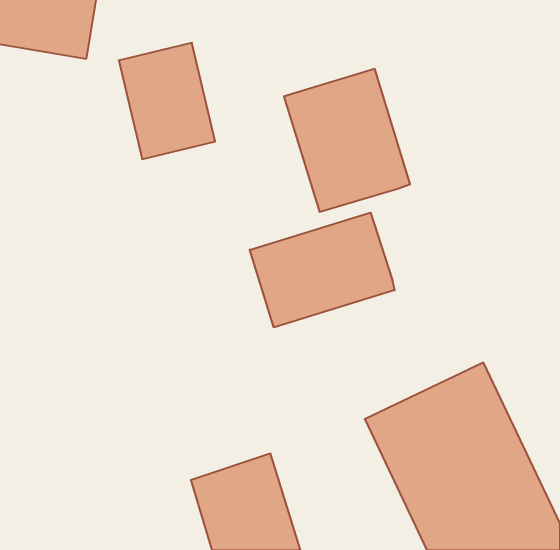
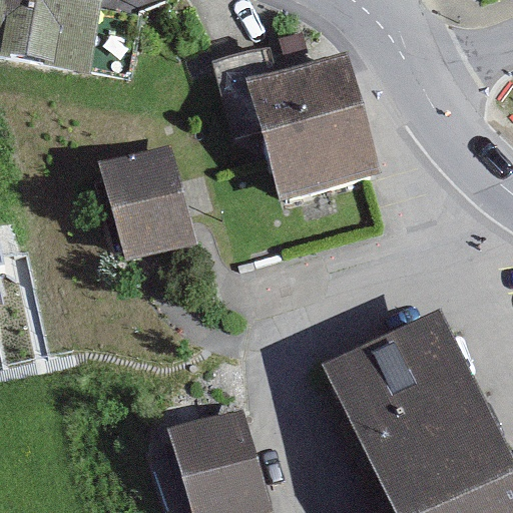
building: [119,43,215,159] -> [101,149,188,254]
building: [250,213,395,327] -> none

